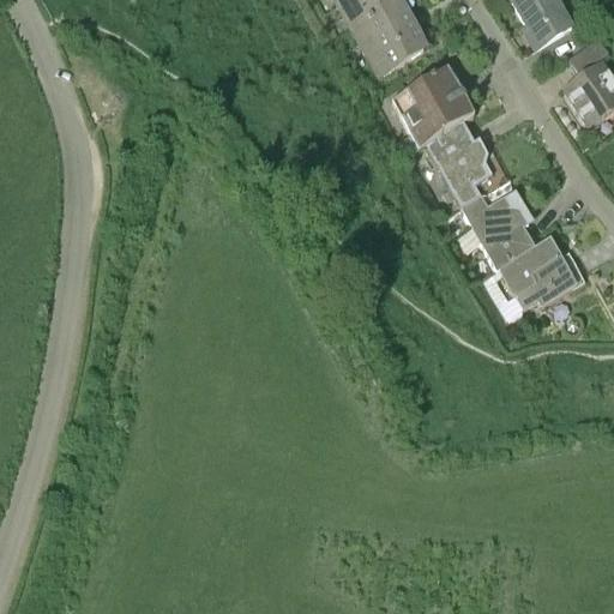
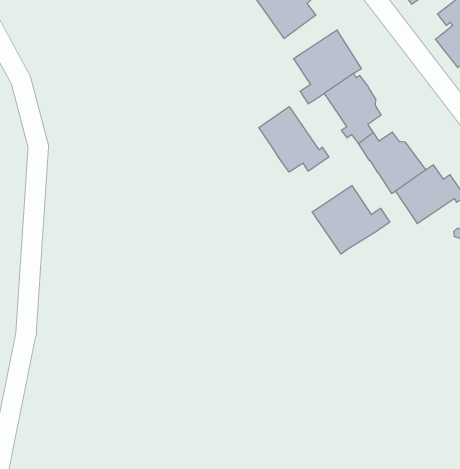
building: none -> [259,107,329,172]
building: none -> [312,185,390,254]

